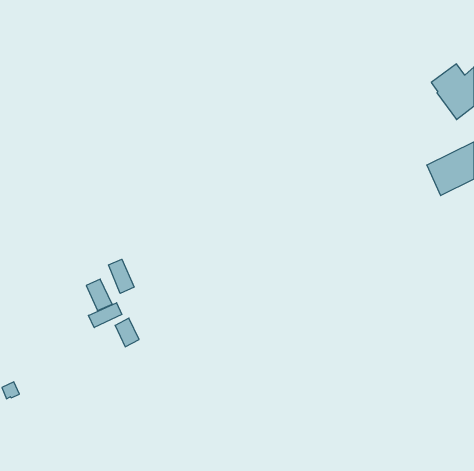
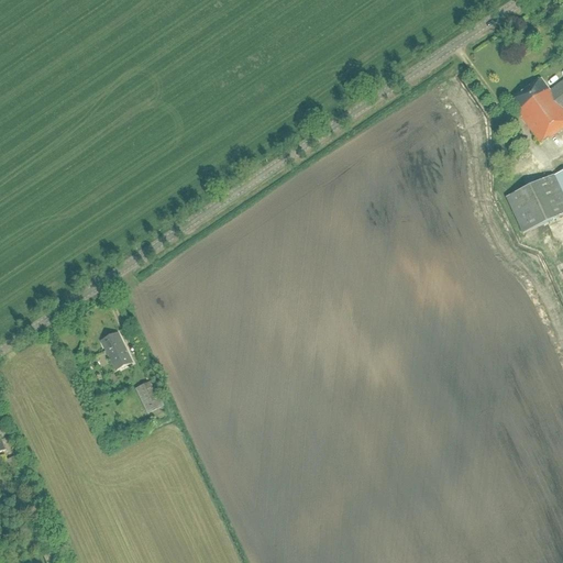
building: [108,259,134,293] -> none
building: [88,303,122,328] -> none

